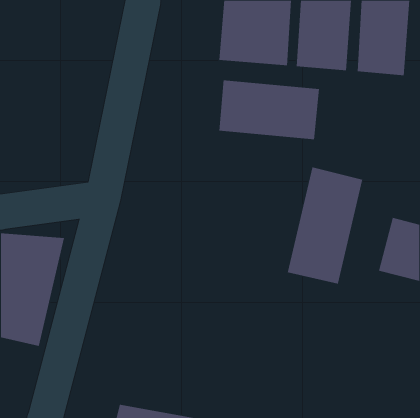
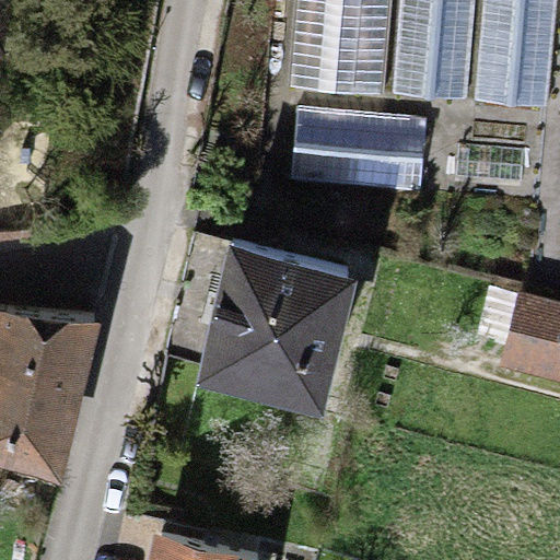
building: [287,166,363,285] -> none
building: none -> [203,242,351,394]

